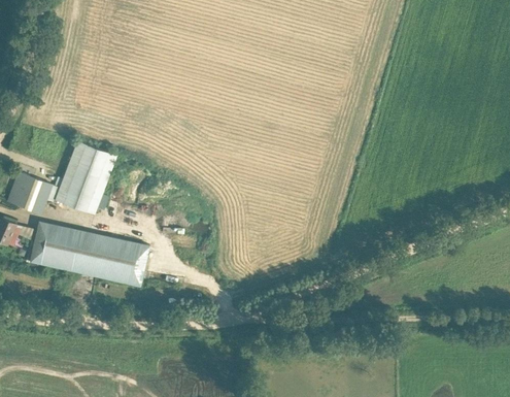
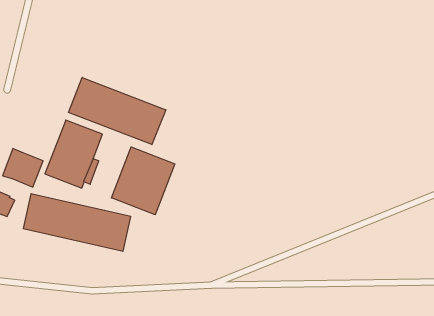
building: none -> [68,77,166,145]
building: none -> [111,147,175,215]

